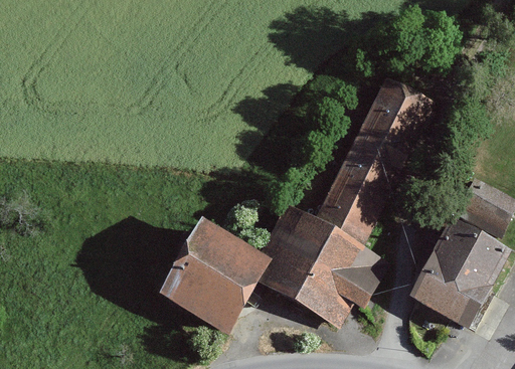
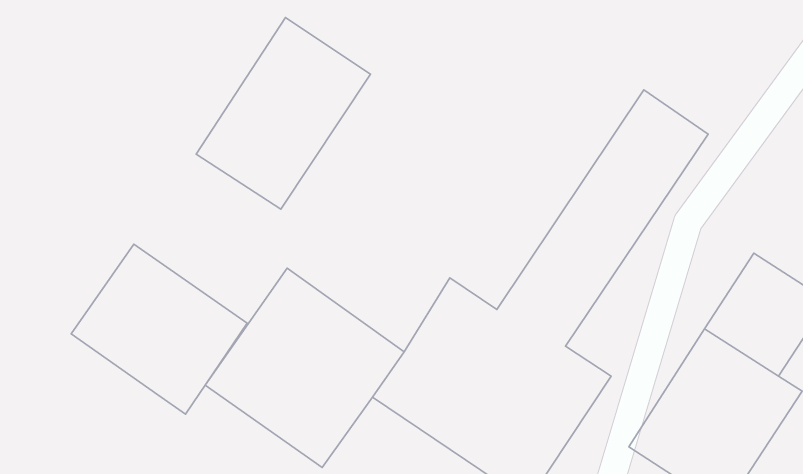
building: none -> [196,18,370,209]
building: none -> [71,244,247,414]

